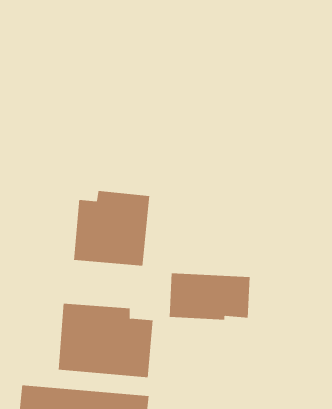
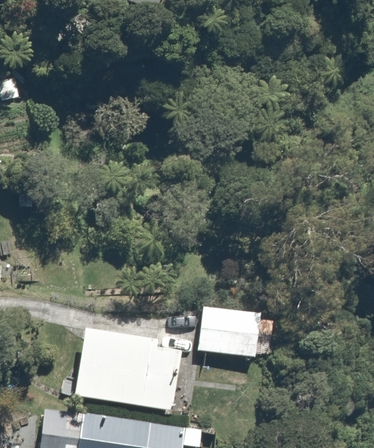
building: [73,190,150,266] -> none

